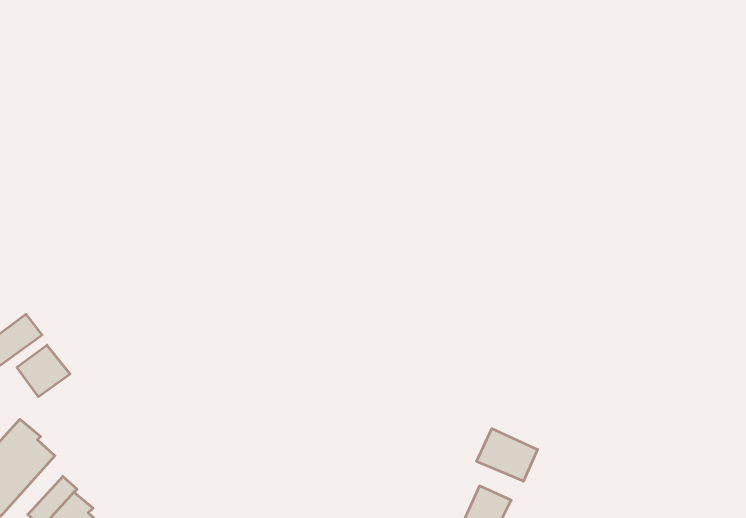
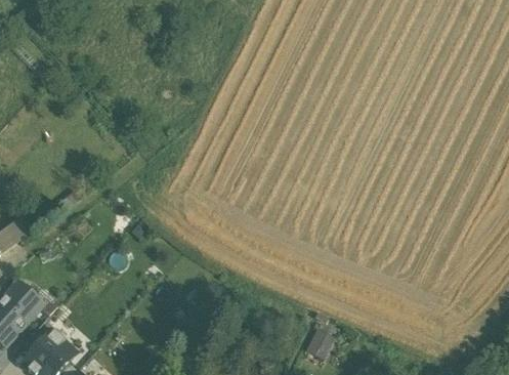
building: [17,345,70,397] -> none
building: [477,429,538,481] -> none

